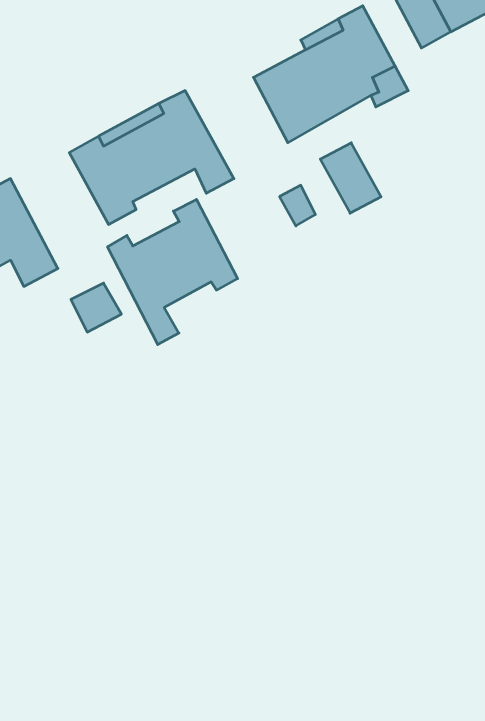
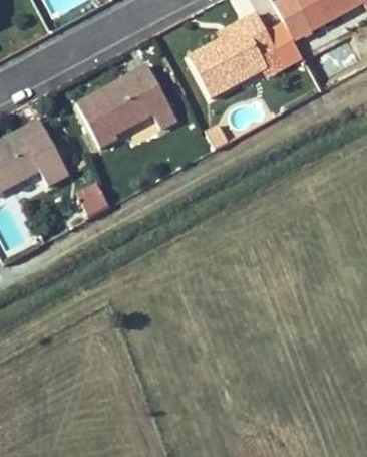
building: [320,143,381,213] -> none
building: [108,199,238,345] -> none

